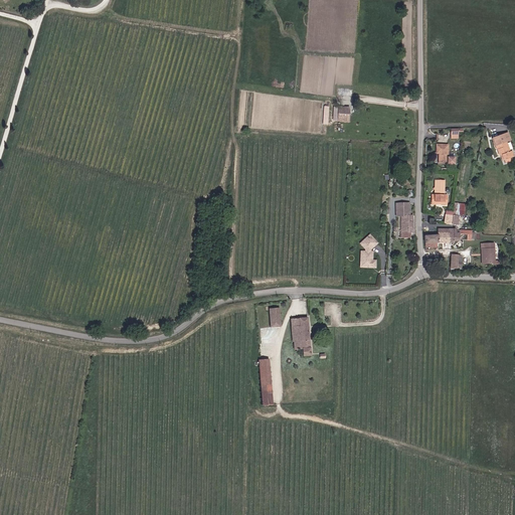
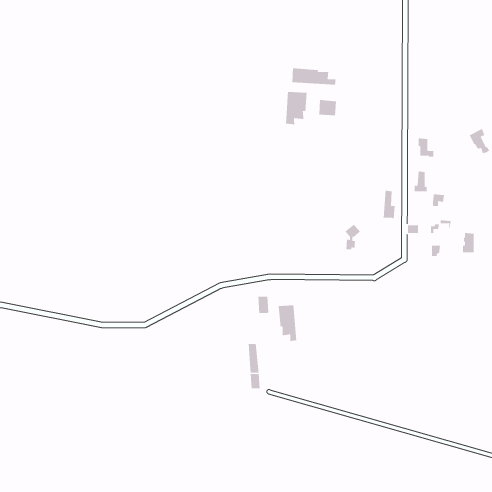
building: none -> [292,68,336,86]
building: none -> [286,91,307,125]

